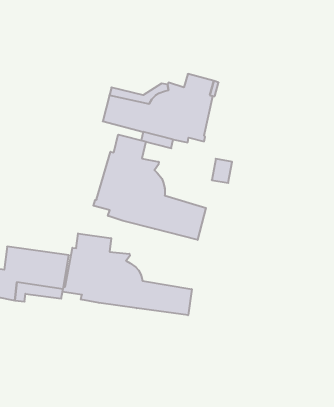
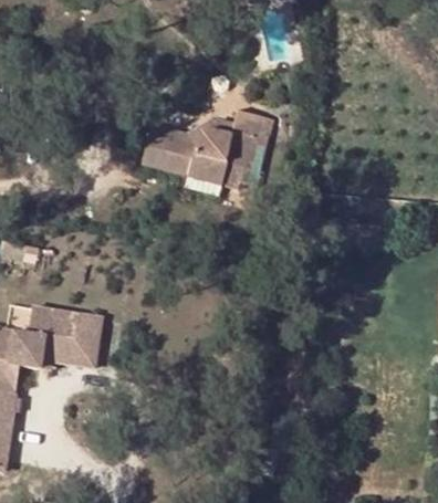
building: [93,135,206,240] -> none
building: [63,233,192,315] -> none

